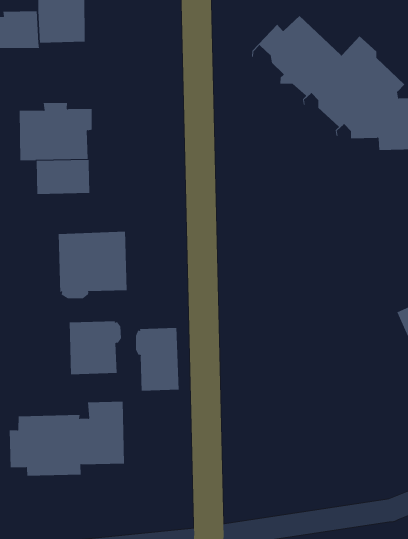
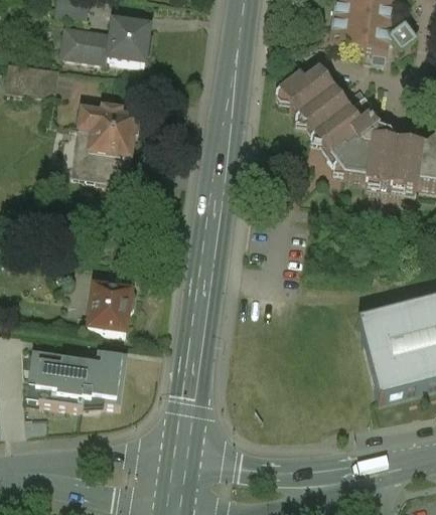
building: [58,231,127,299] -> none
building: [135,327,179,391] -> none

